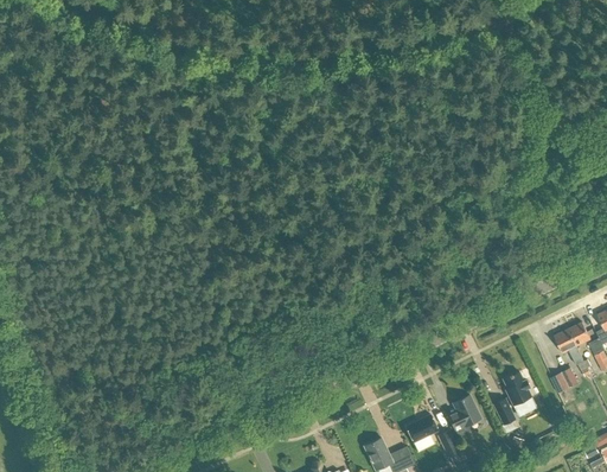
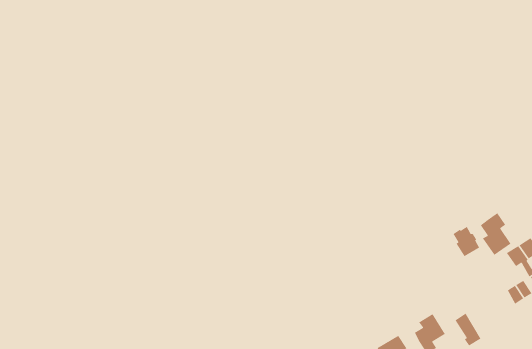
building: none -> [480,212,512,256]
building: [503,371,531,404] -> [452,226,480,257]

